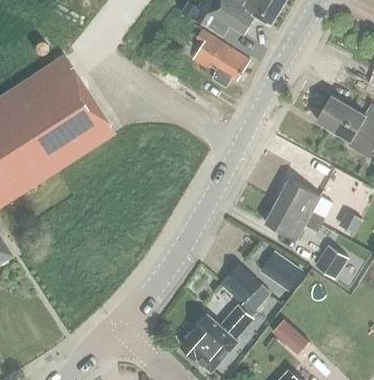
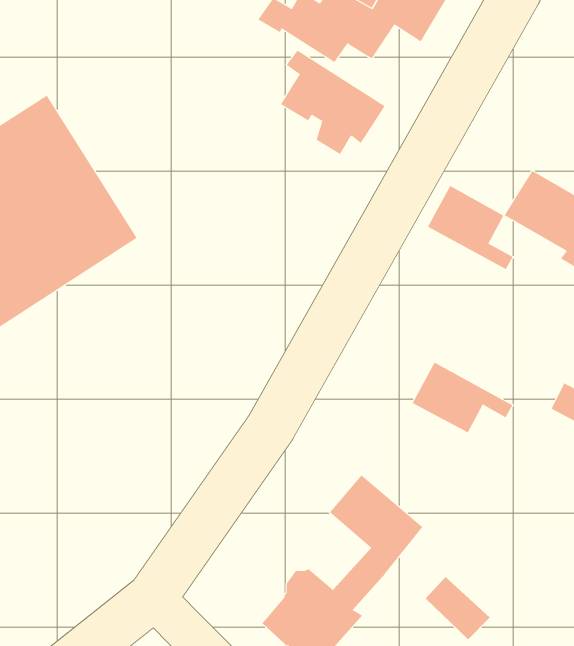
building: [278,179,325,226] -> [427,185,514,270]
building: [314,244,349,280] -> none
building: [260,252,304,293] -> none

